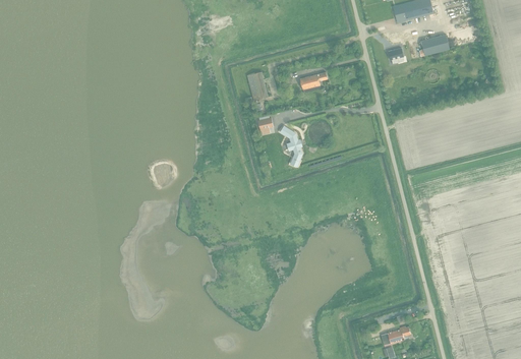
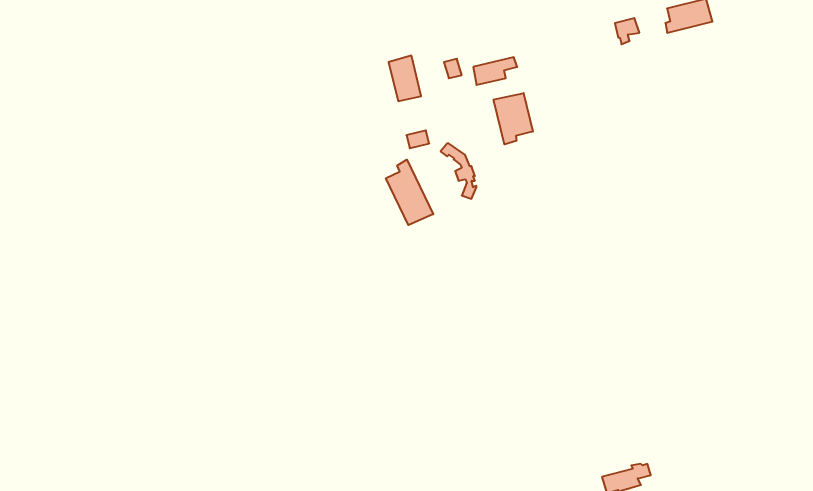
building: none -> [494,93,533,144]
building: none -> [386,160,433,225]

